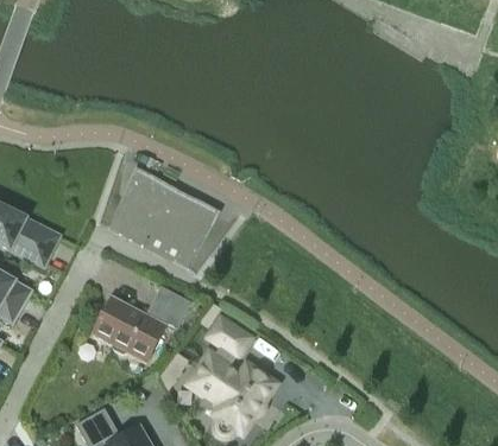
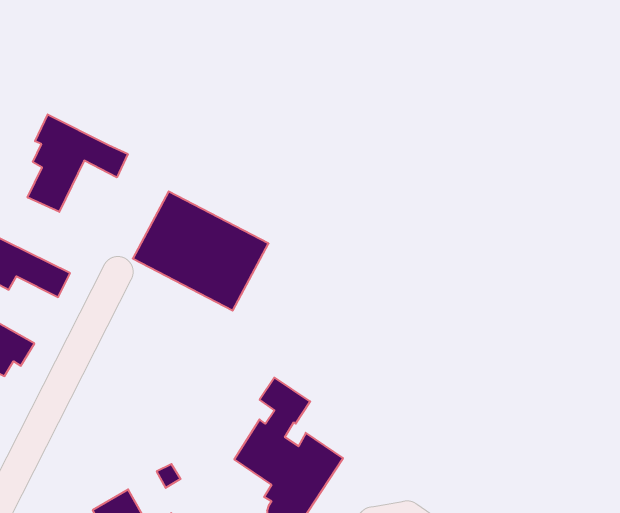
building: none -> [28,114,128,212]
building: [92,287,189,363] -> none

